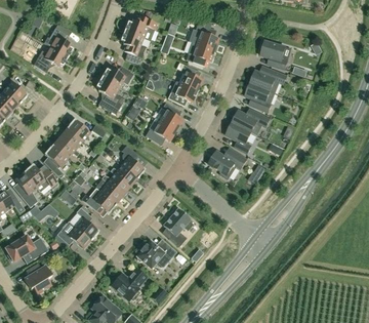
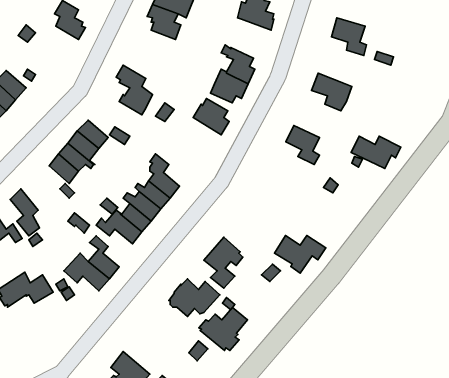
building: [187,42,214,66] -> none
building: [34,47,68,73] -> none
building: [101,67,133,87] -> none
building: [250,69,287,93] -> none
building: [232,111,270,135] -> [351,136,401,169]
building: [145,117,176,146] -> none
building: [208,151,247,179] -> [275,236,326,273]
building: [24,164,56,192] -> none
building: [25,263,51,293] -> none
building: [110,268,147,300] -> [199,308,247,351]

